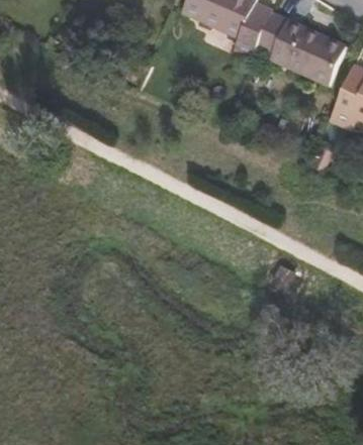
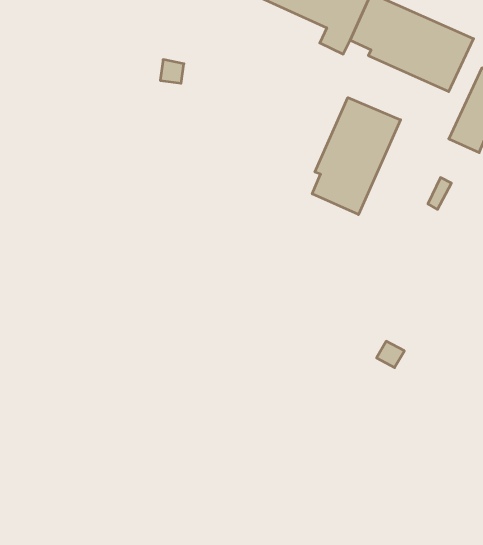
building: none -> [312,98,401,215]

